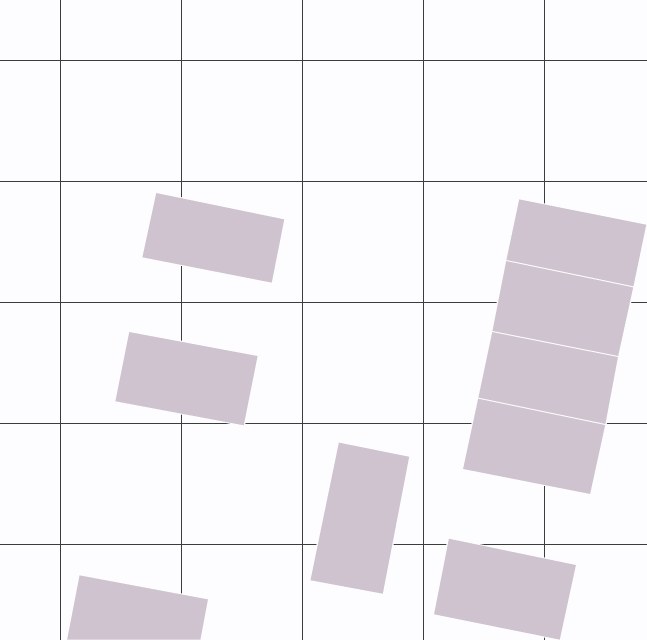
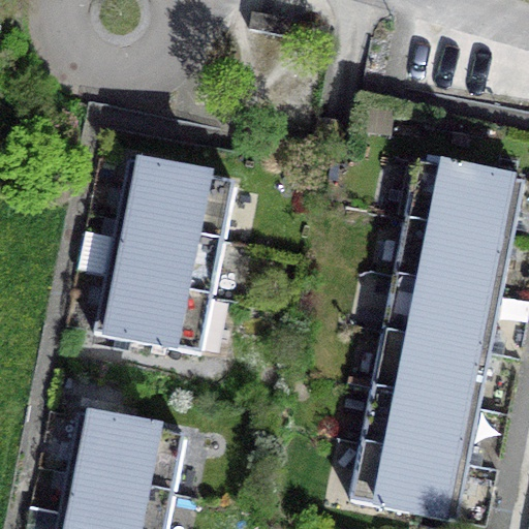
building: none -> [107,209,224,288]
building: [310,442,410,595] -> none
building: none -> [367,380,483,458]
building: none -> [67,406,185,486]

